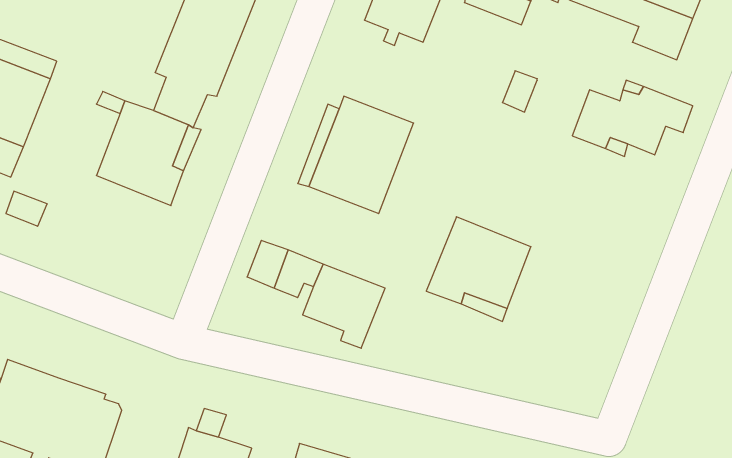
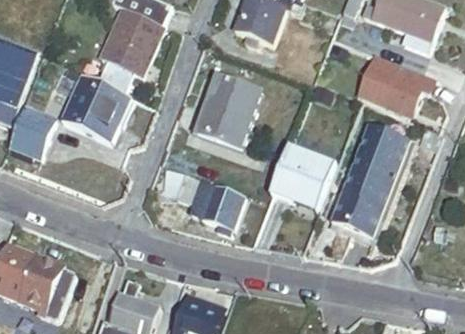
building: none -> [10,109,47,145]
building: none -> [336,123,413,233]

